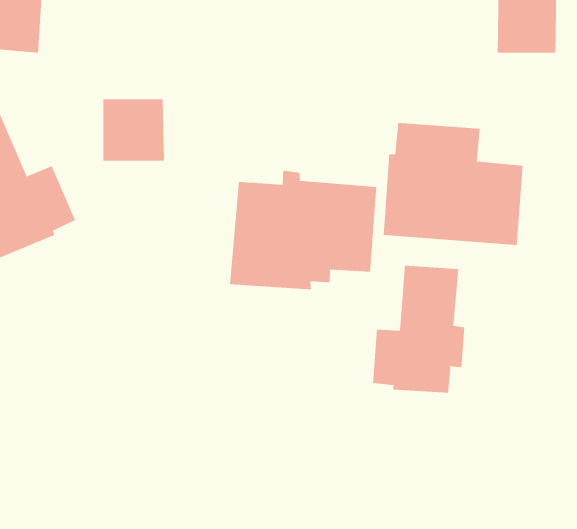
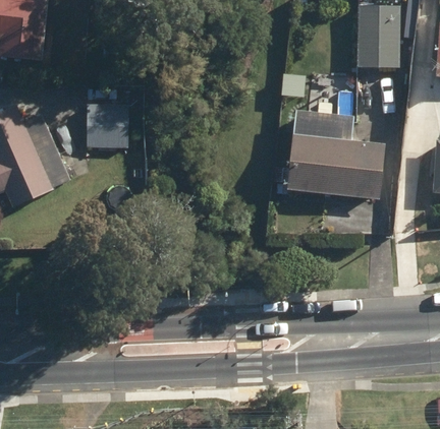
building: [230,170,377,290] -> none
building: [372,265,465,394] -> none

